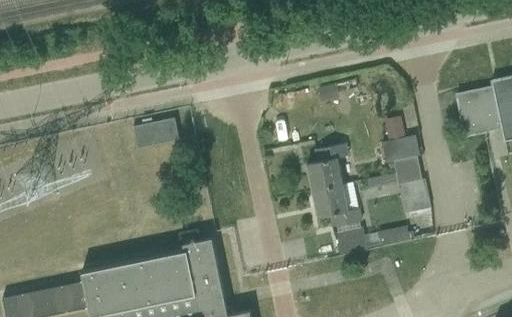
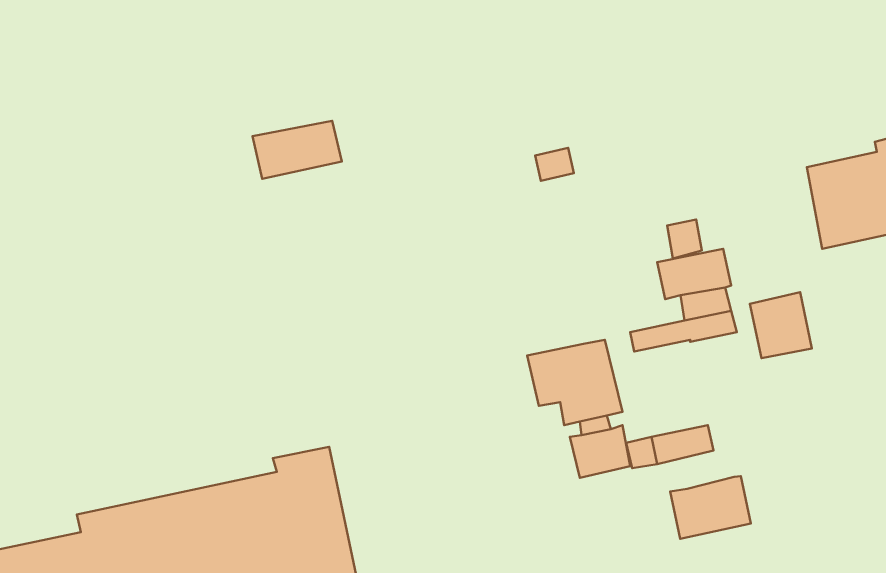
building: [133,118,179,148] -> [252,121,342,179]
building: [307,143,348,191] -> none
building: [398,179,430,213] -> [750,292,812,358]
building: none -> [670,476,751,539]

